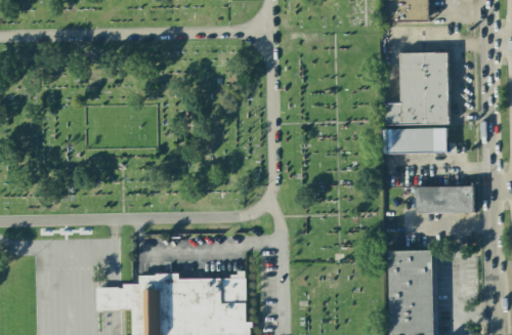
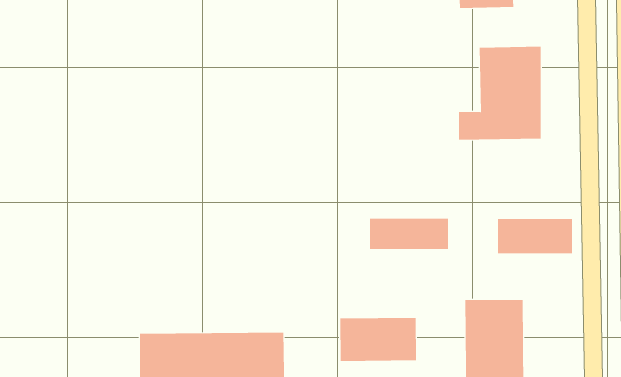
building: [384,129,446,154] -> [369,218,449,249]
building: none -> [340,317,417,362]

